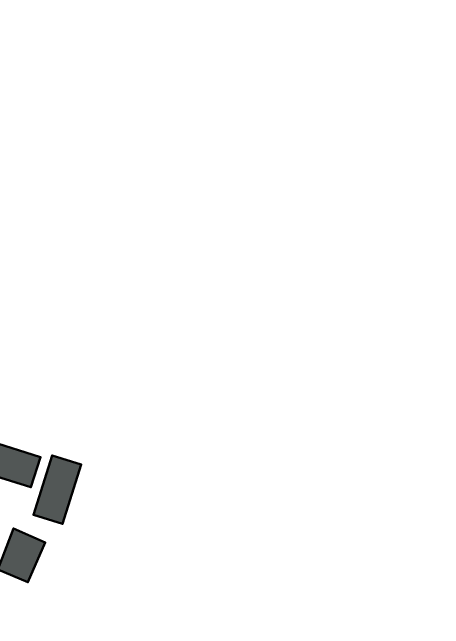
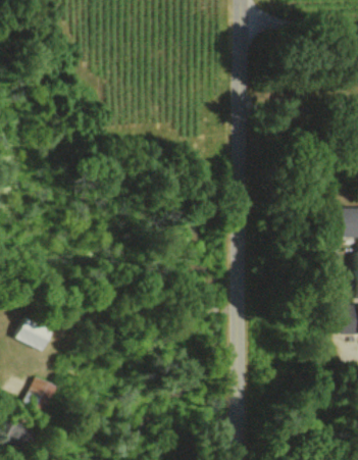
building: [34,455,81,524] -> none

